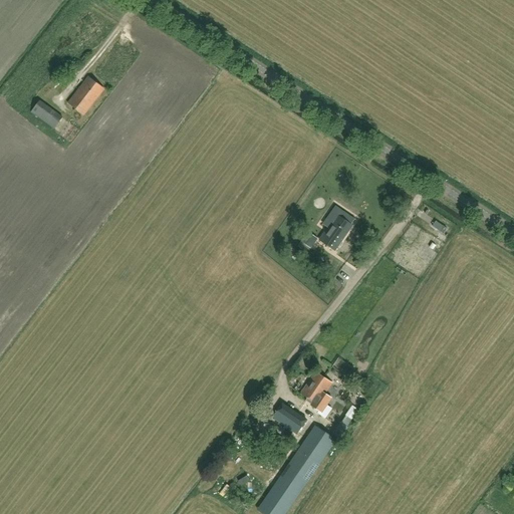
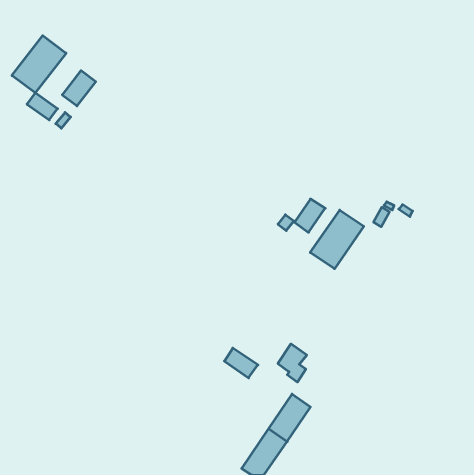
building: none -> [12,36,66,93]
building: none -> [310,210,364,269]
building: [272,404,308,436] -> [224,348,258,378]

